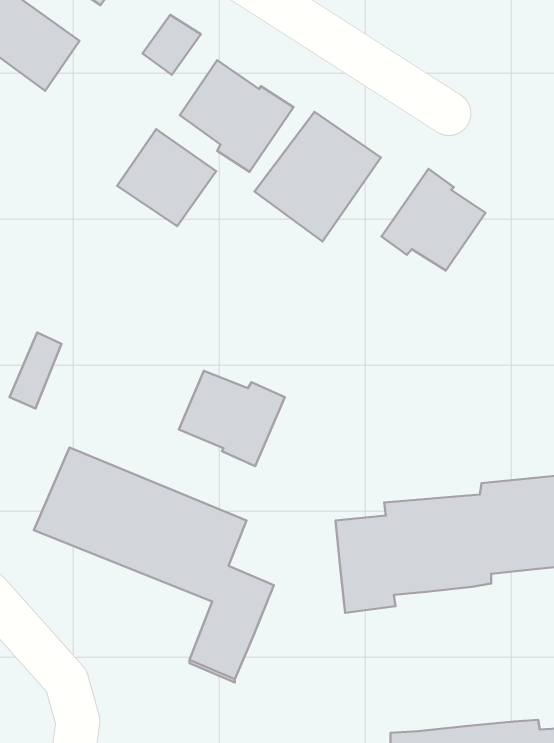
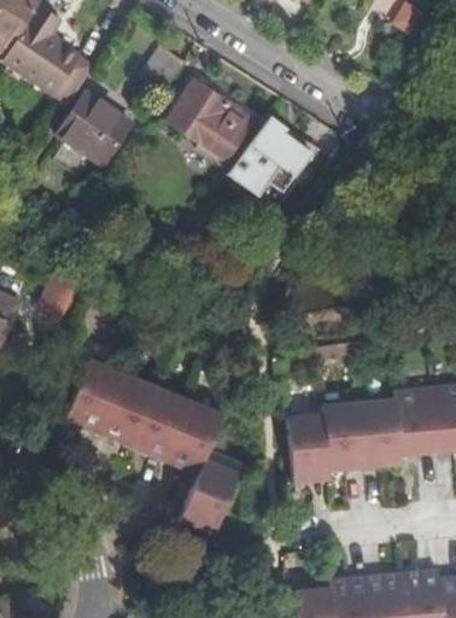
building: [117,129,216,226] -> [57,88,130,161]
building: [382,169,486,271] -> none
building: [179,371,285,466] -> none

